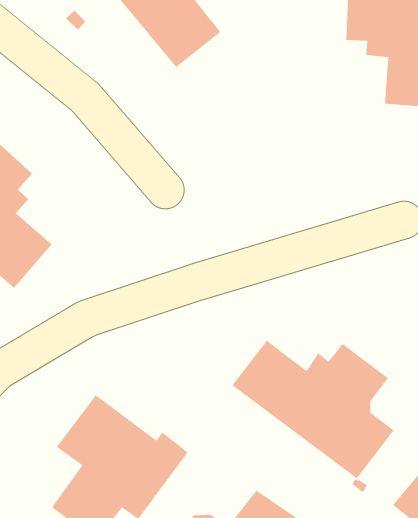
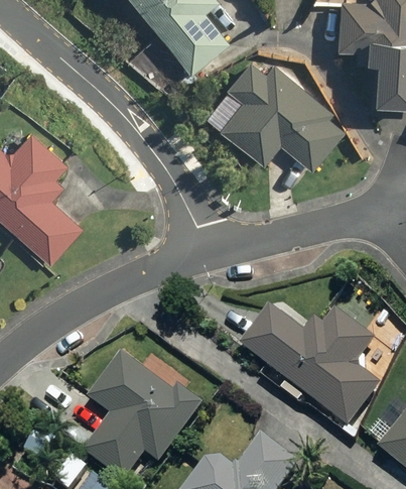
building: none -> [218,58,345,168]

